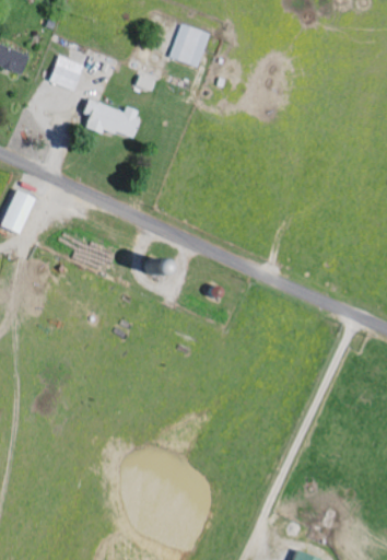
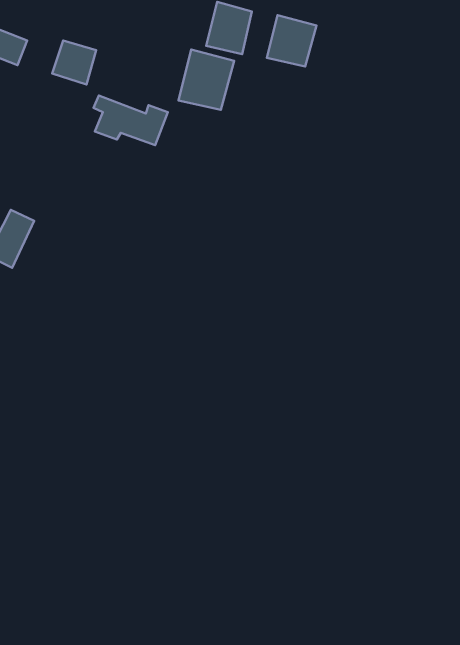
building: none -> [267,15,317,66]
building: none -> [179,49,234,110]

